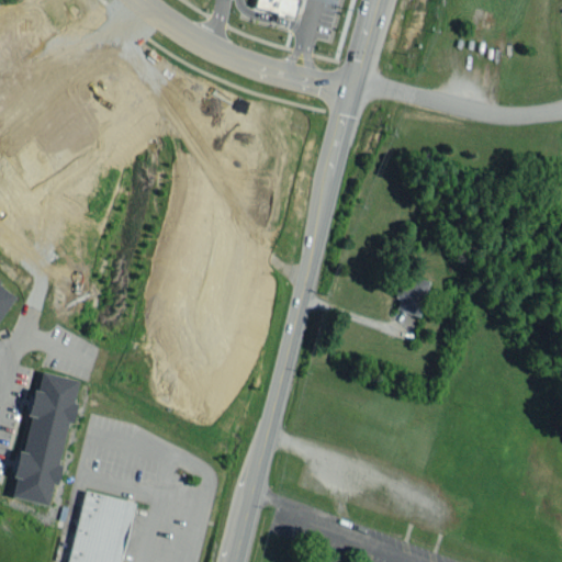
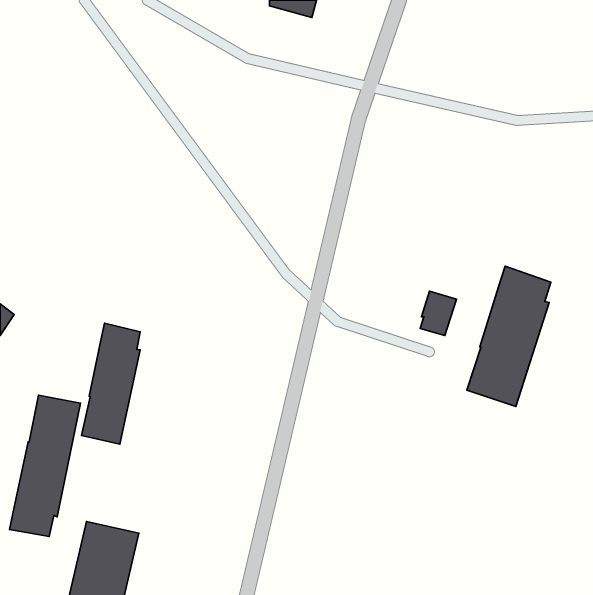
building: none -> [467,266,551,406]
building: none -> [82,323,140,444]

